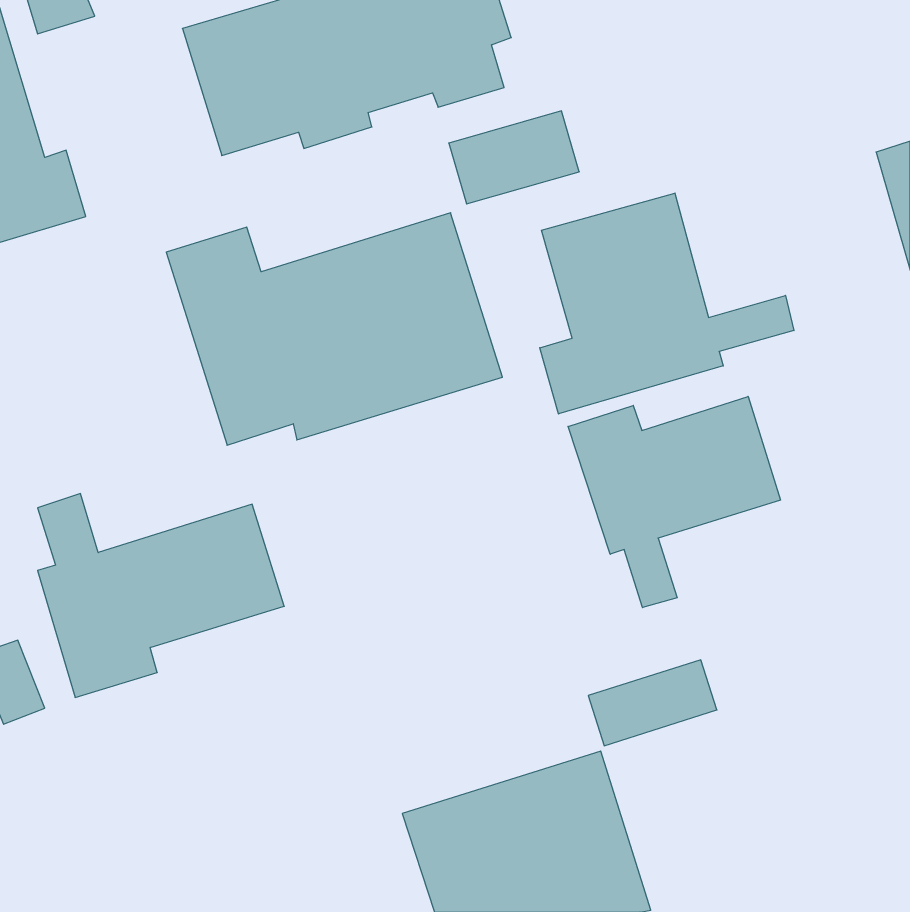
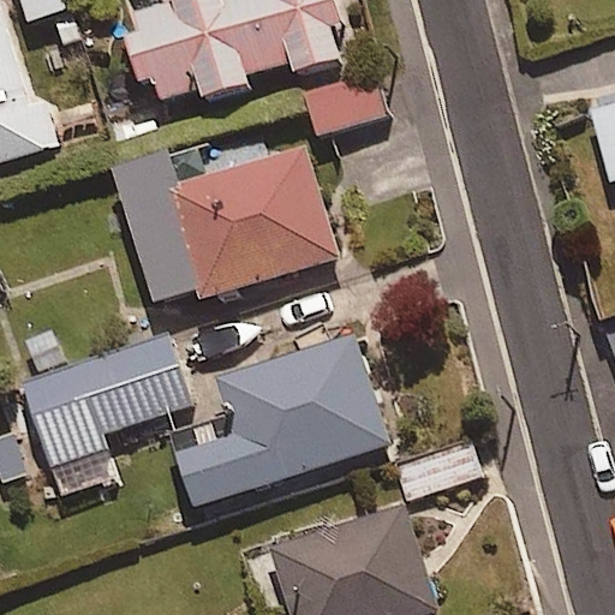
building: [540,193,794,414] -> none
building: [568,396,781,608] -> none
building: none -> [177,333,390,507]

